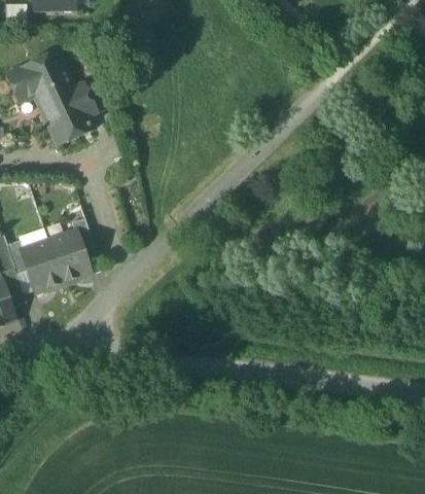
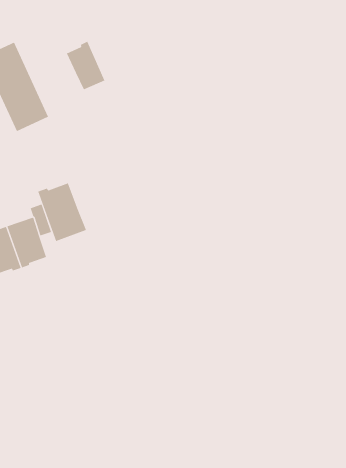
building: none -> [66,41,105,91]
building: none -> [38,183,87,242]

